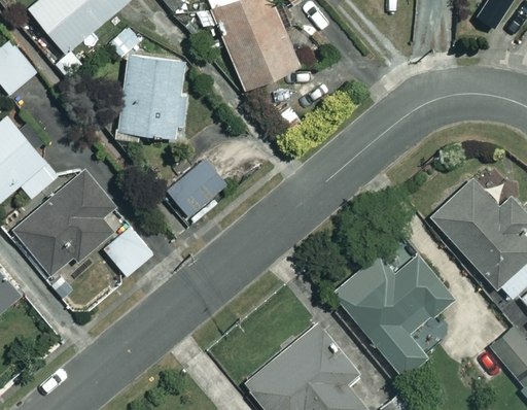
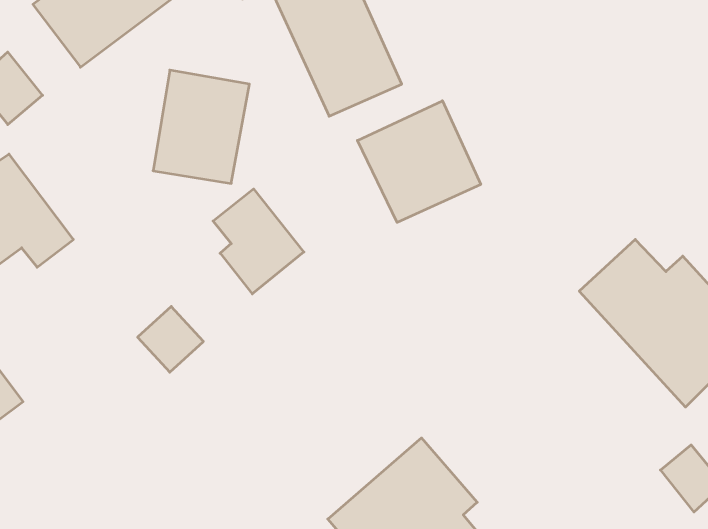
building: none -> [357,101,481,222]
building: [12,167,125,276] -> none
building: [332,255,453,377] -> none

